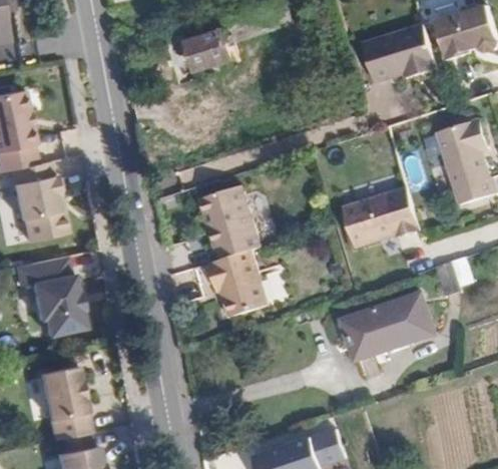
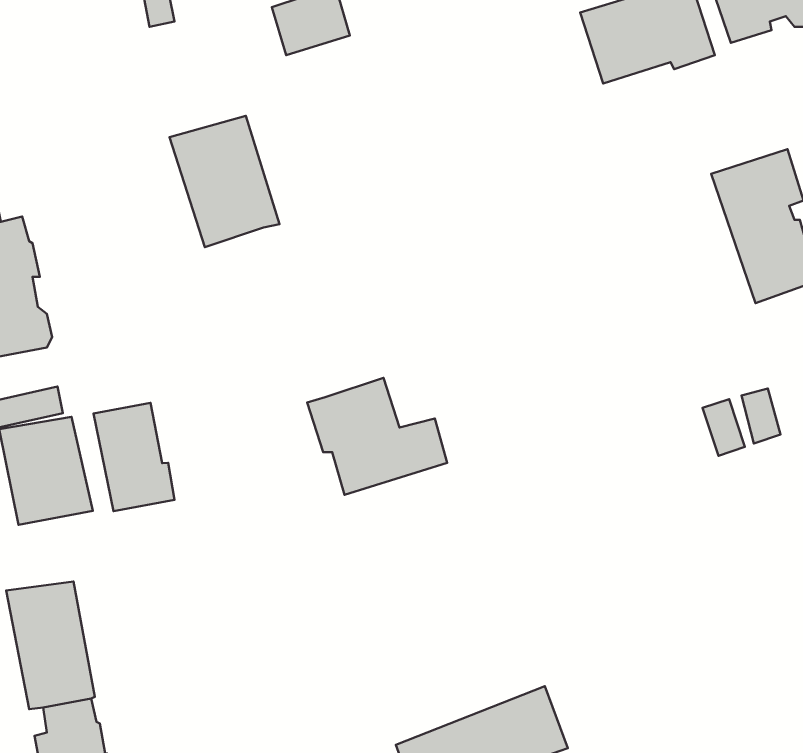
building: [197,186,260,261] -> [170,116,279,247]
building: [340,186,417,247] -> none
building: none -> [94,403,175,511]
building: [339,295,429,358] -> none

